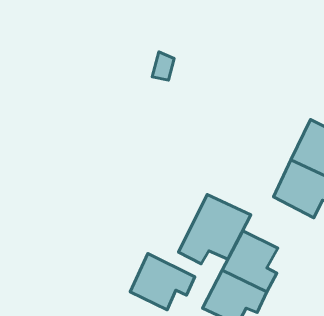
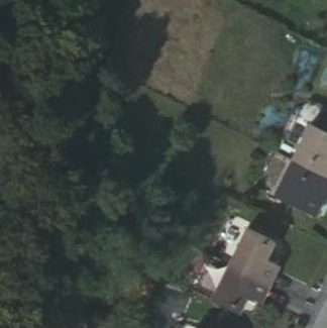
building: [178,195,251,264] -> none
building: [130,253,195,310] -> none

